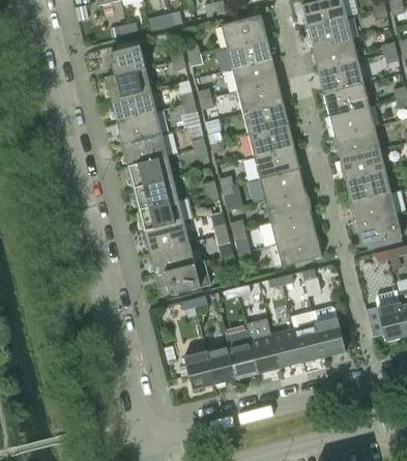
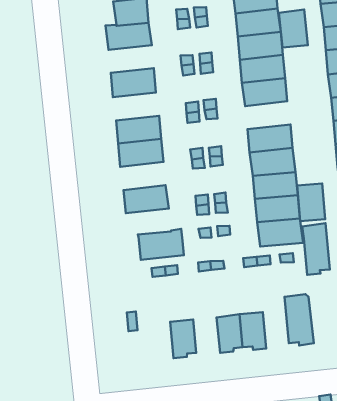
building: none -> [279,9,308,48]
building: [111,89,156,121] -> none
building: [249,124,294,156] -> none
building: [121,134,168,166] -> none
building: none -> [297,183,325,221]
building: [138,199,183,231] -> none
building: [149,242,195,276] -> none
building: [290,311,322,363] -> [302,223,330,275]
building: [225,329,258,377] -> none
building: [183,350,214,390] -> none

